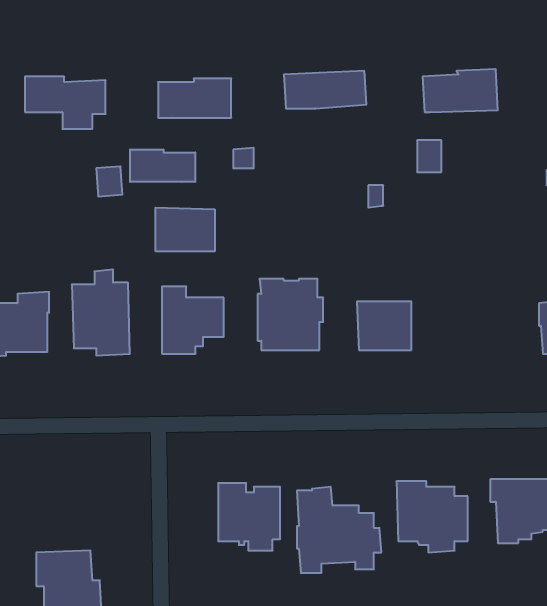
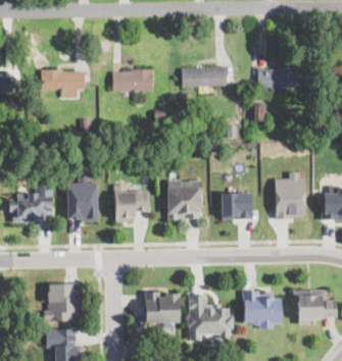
building: [130,149,195,182] -> none
building: [156,208,215,251] -> none
building: none -> [275,171,306,219]
building: none -> [45,282,81,320]

